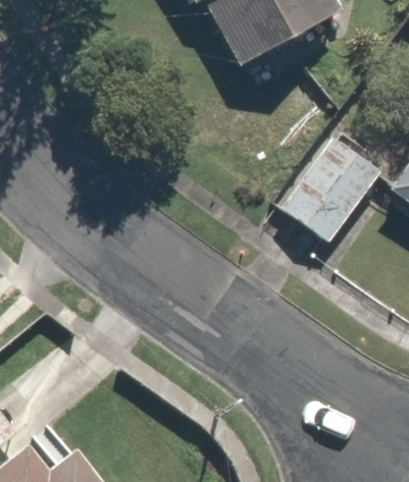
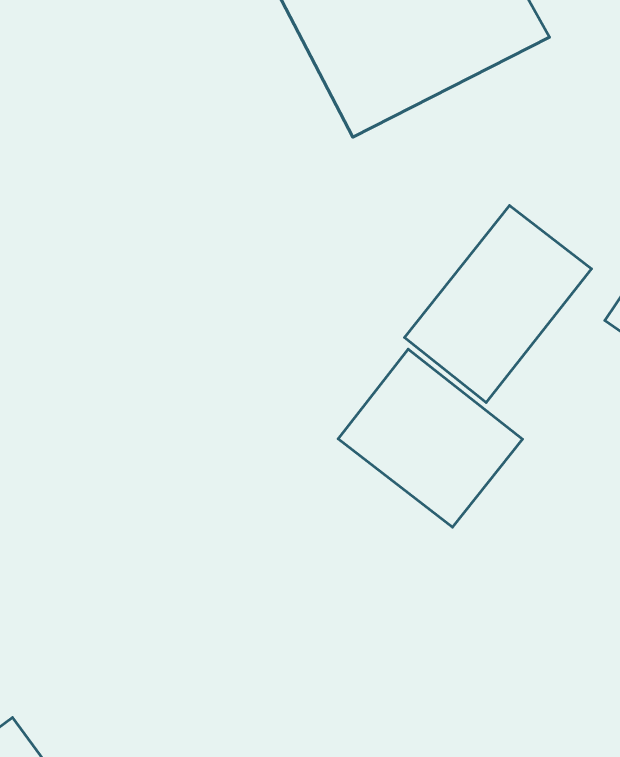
building: none -> [338,349,522,527]

